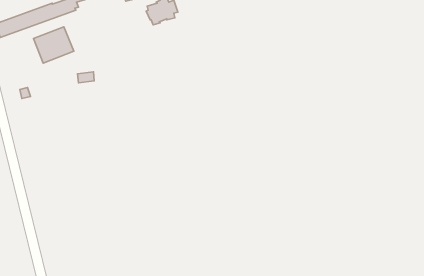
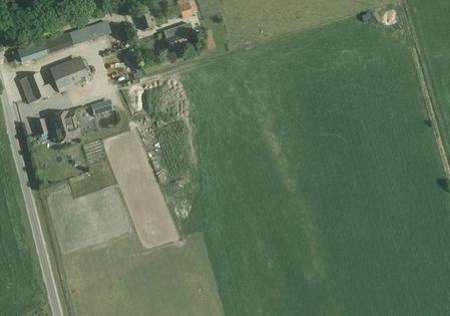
building: none -> [18,70,53,102]
building: none -> [49,109,79,141]

